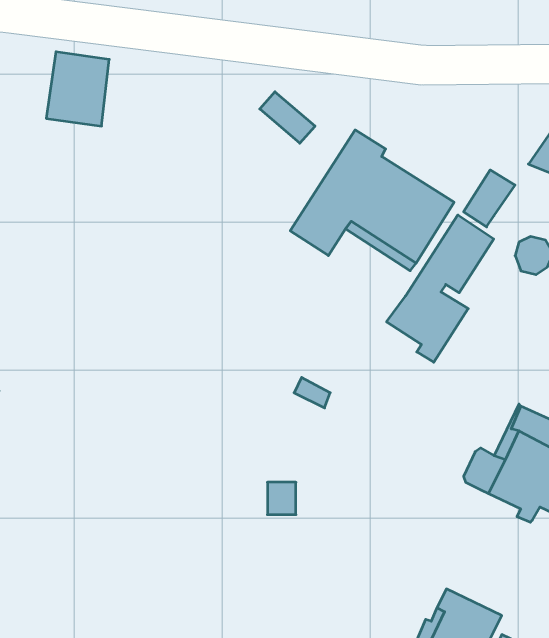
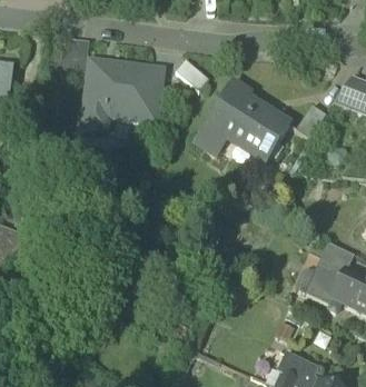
building: none -> [82,59,161,127]
building: [387,215,494,362] -> none

